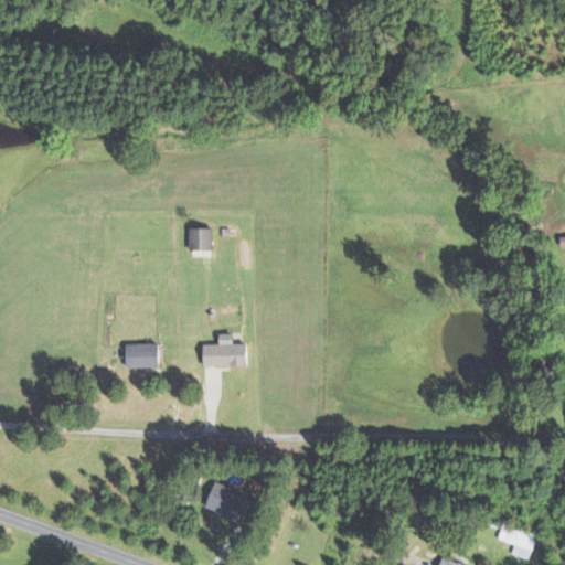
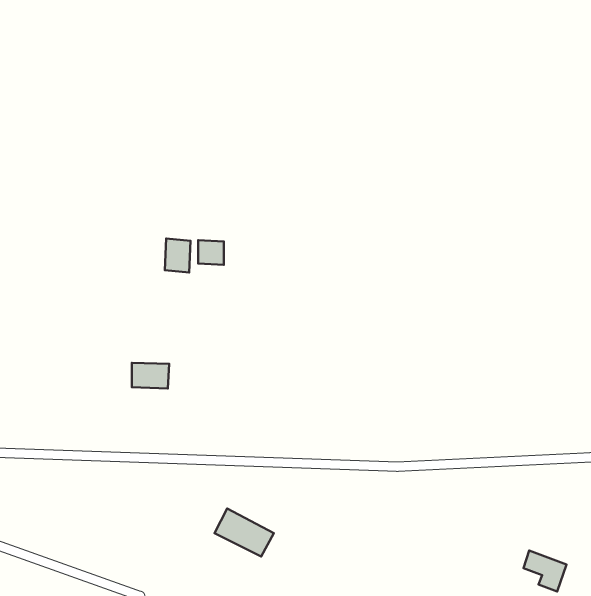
building: none -> [165,238,191,272]
building: [201,333,248,366] -> none

